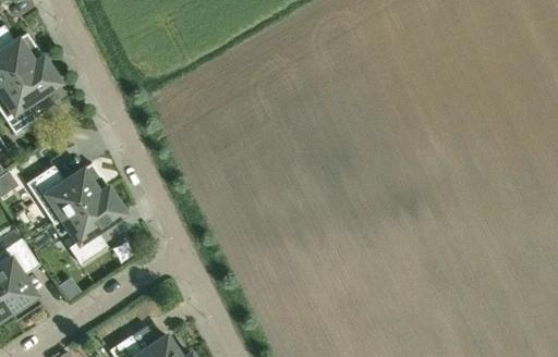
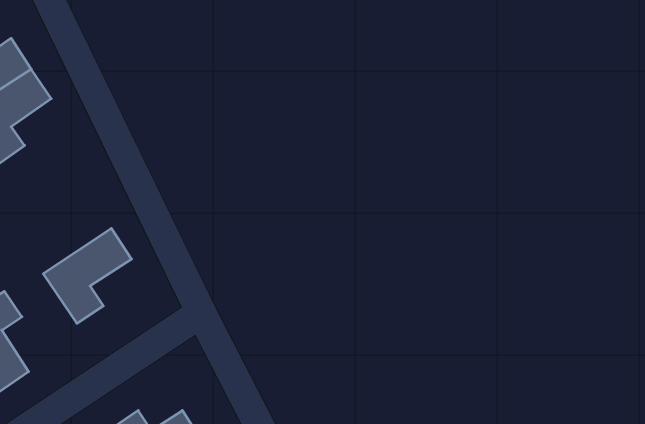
building: [27,162,110,223] -> none

